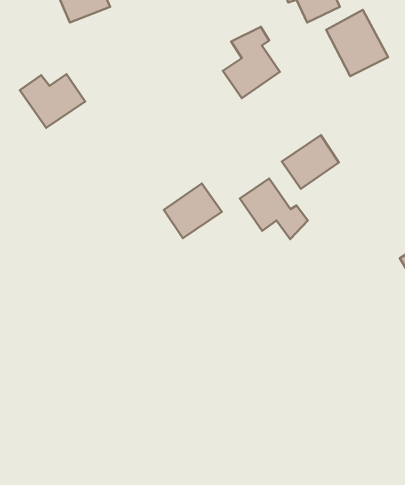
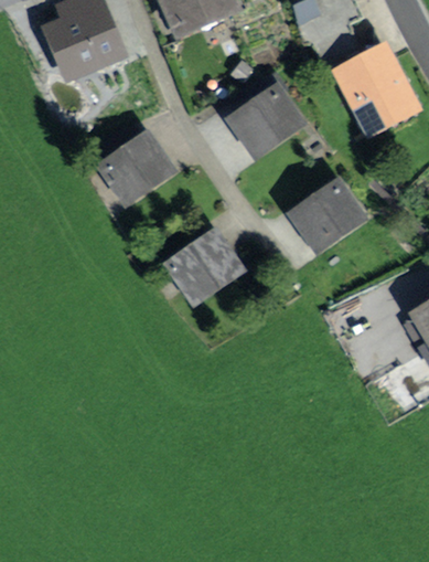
building: [20,74,85,128] -> [98,142,167,199]
building: [240,179,308,239] -> none

